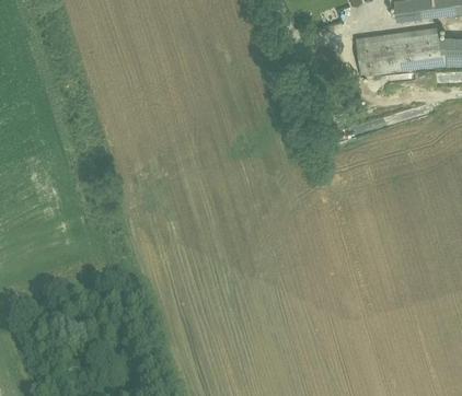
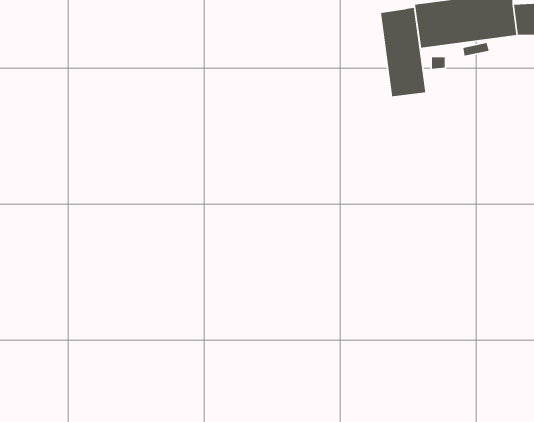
building: none -> [380,7,426,97]

